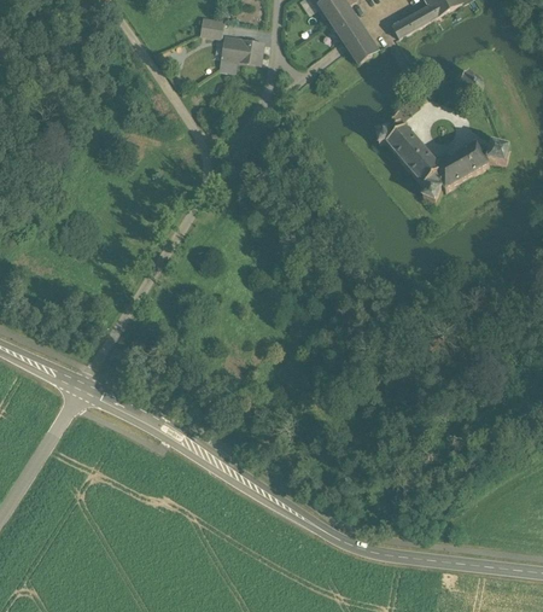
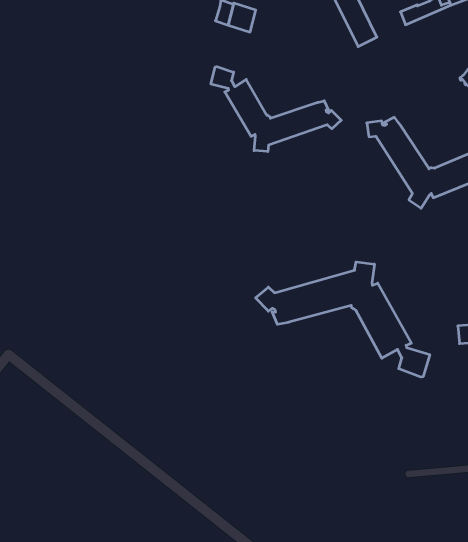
building: none -> [211,67,341,152]
building: none -> [256,262,430,377]

